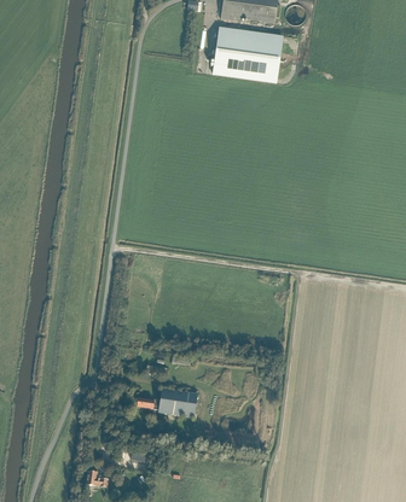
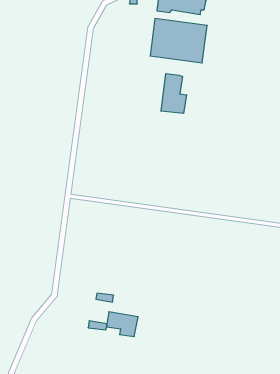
building: none -> [161,74,186,113]

